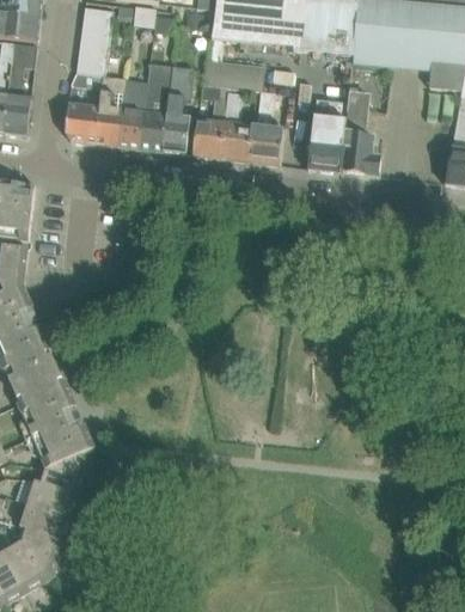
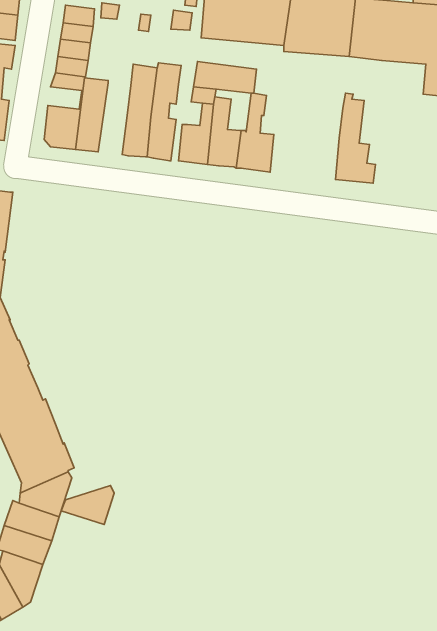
building: [116,80,146,148] -> none
building: [307,100,349,172] -> none
building: none -> [61,486,114,524]

